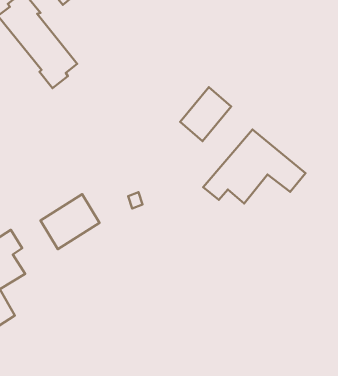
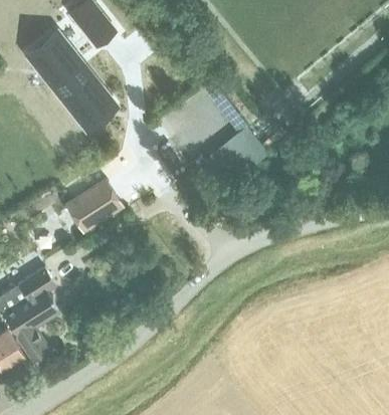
building: [203,129,306,203] -> none
building: [40,194,100,249] -> [64,178,123,232]

